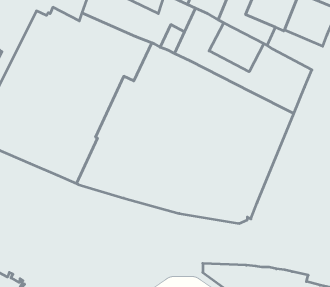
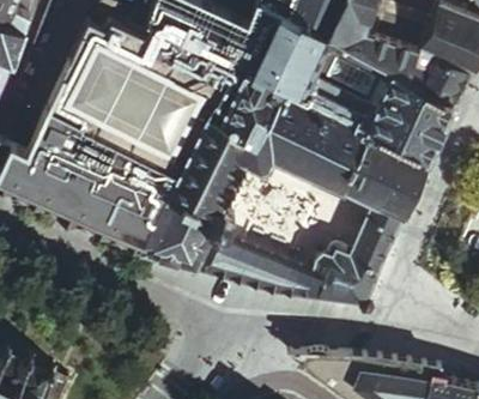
building: none -> [319,41,390,105]
building: none -> [395,47,468,103]

